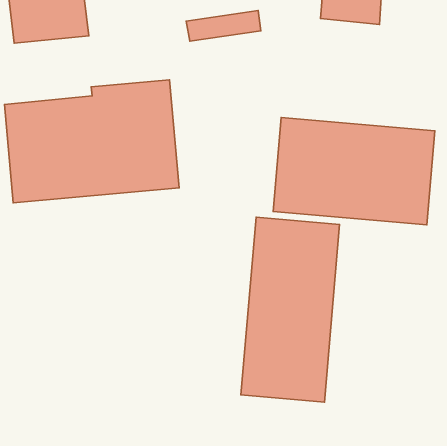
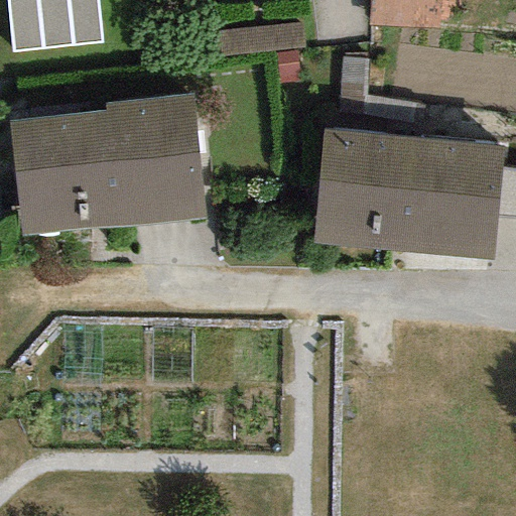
building: [241,217,340,402] -> none

